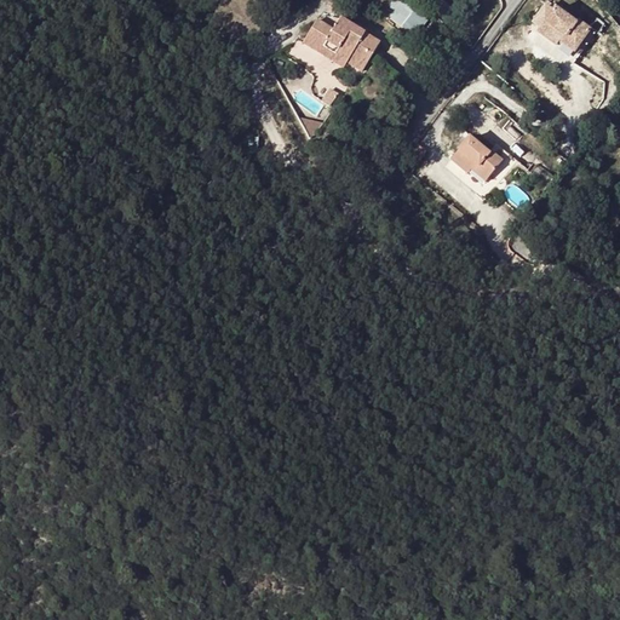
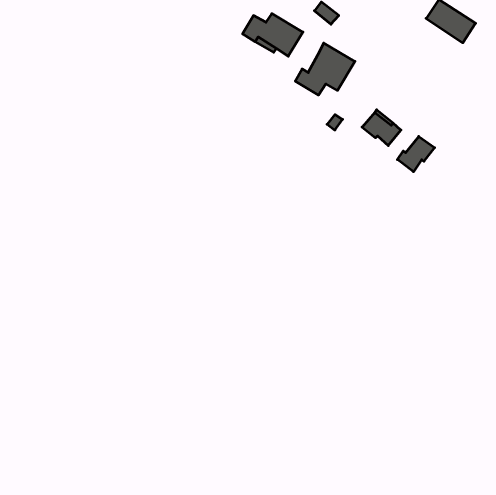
building: none -> [295,43,355,95]
building: none -> [397,136,435,172]

